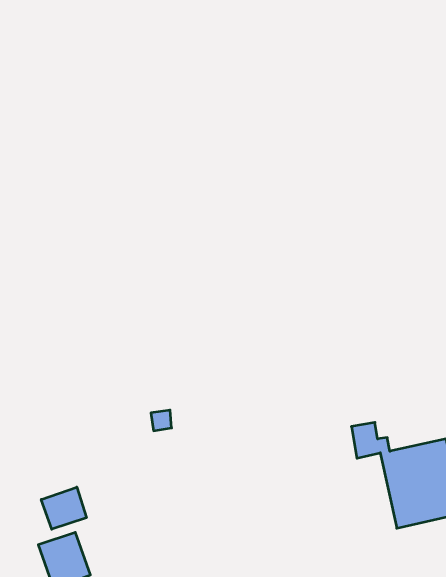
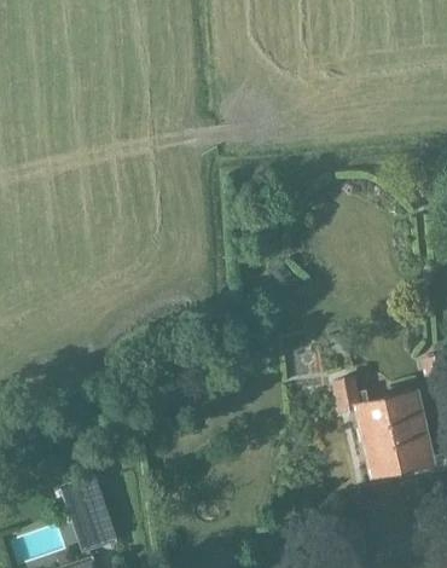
building: [41,487,86,529] -> none

